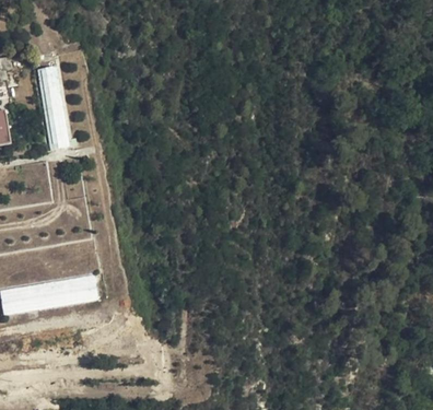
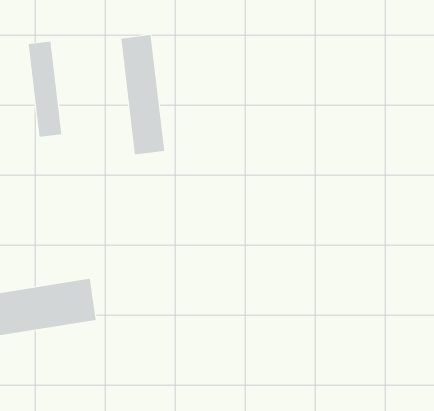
building: none -> [121,34,165,155]

